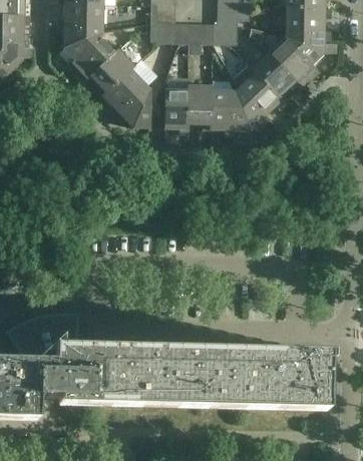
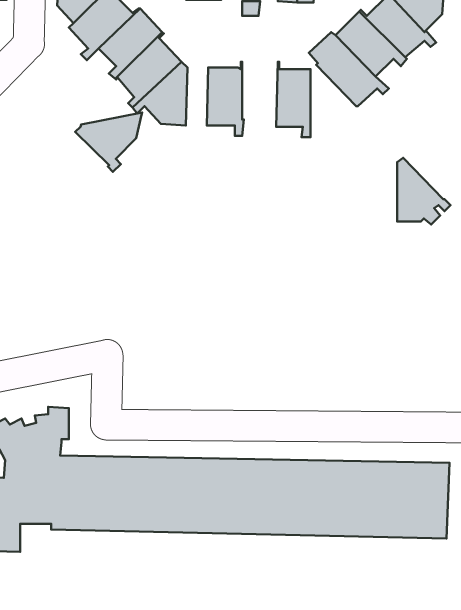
building: [188,81,212,126] -> none
building: [234,83,270,128] -> [397,158,450,224]
building: none -> [75,113,142,172]

